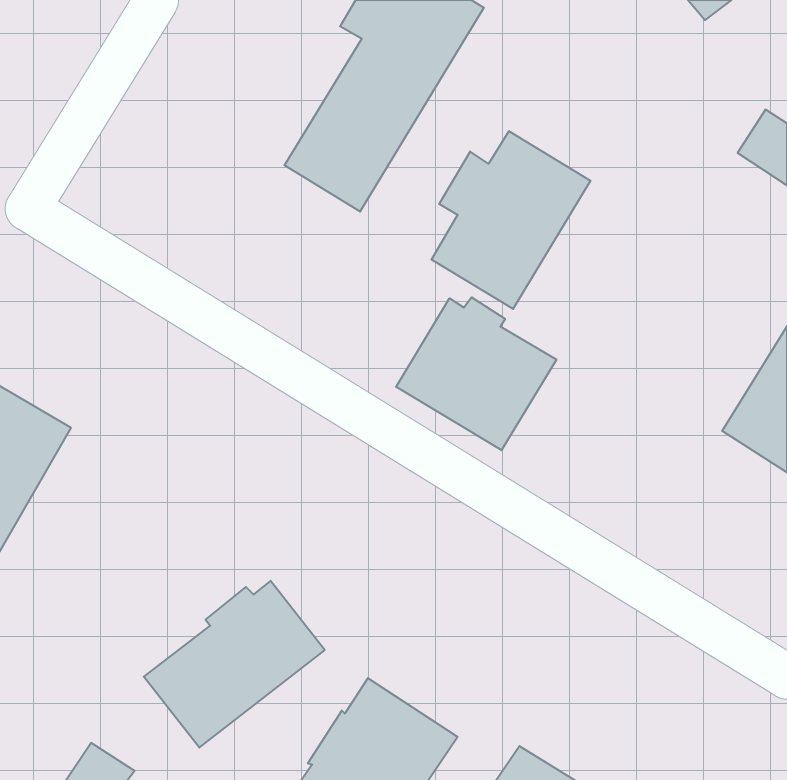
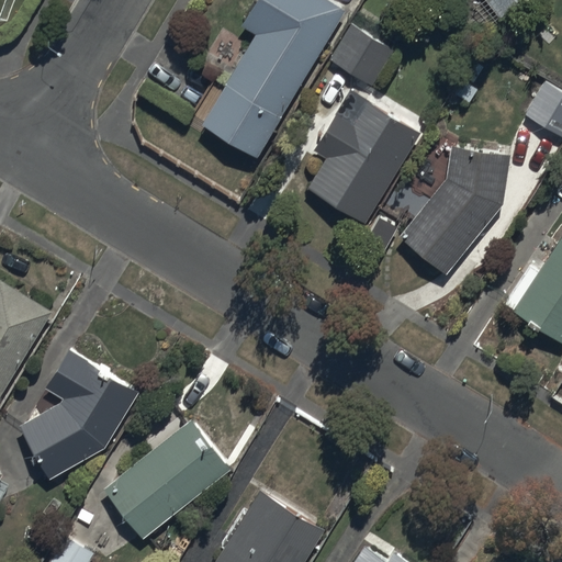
building: none -> [328,25,394,89]
building: none -> [398,147,508,276]
building: [396,297,556,450] -> none
building: none -> [20,348,139,480]

